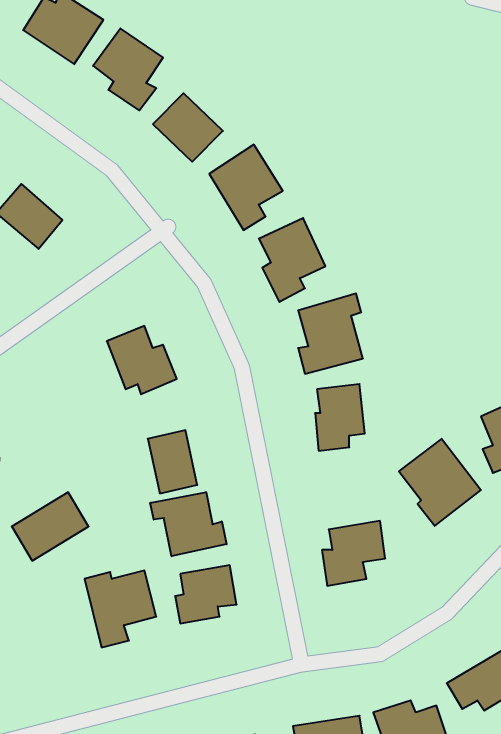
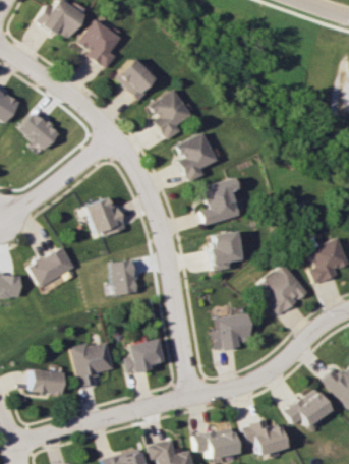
building: [150,492,227,556] -> none
building: [12,492,89,561] -> [30,246,75,287]
building: none -> [33,370,64,394]

